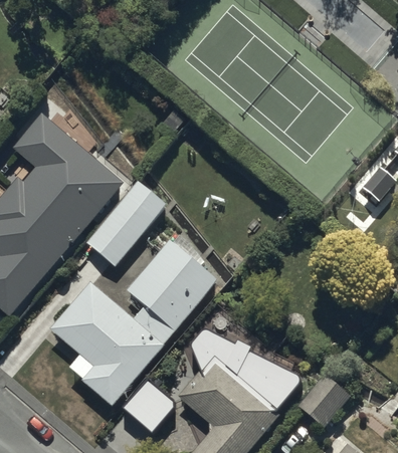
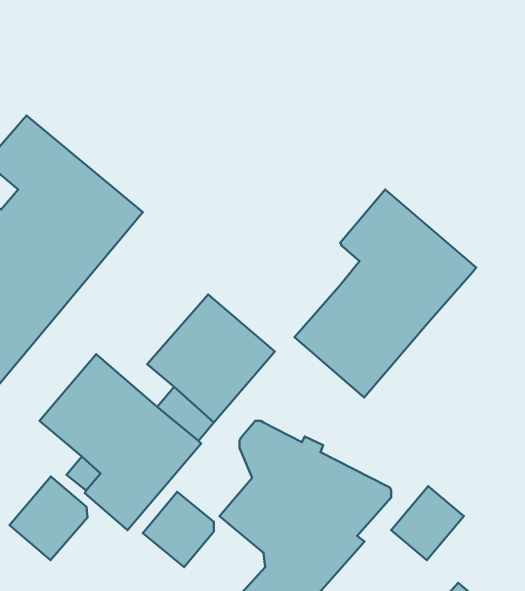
building: none -> [295,189,476,397]
building: [86,181,166,265] -> none
building: none -> [9,477,88,560]

